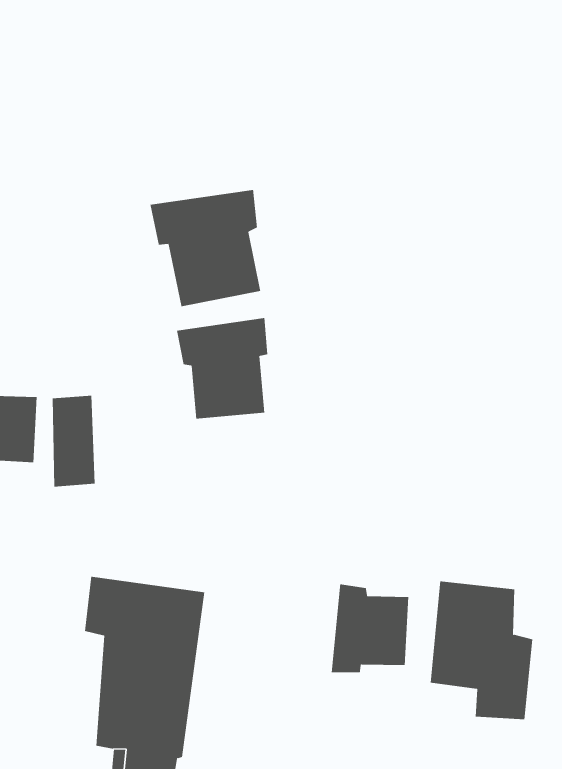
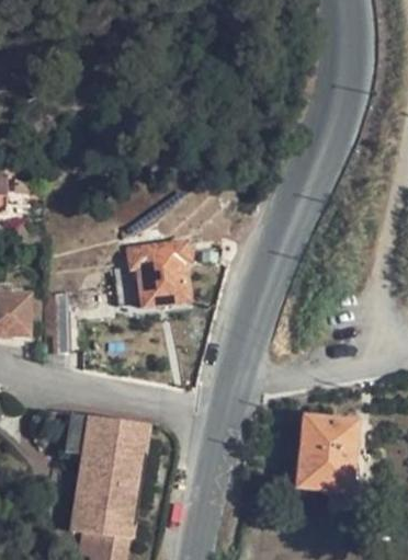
building: [150,189,261,307] -> none
building: [331,584,409,673] -> none

